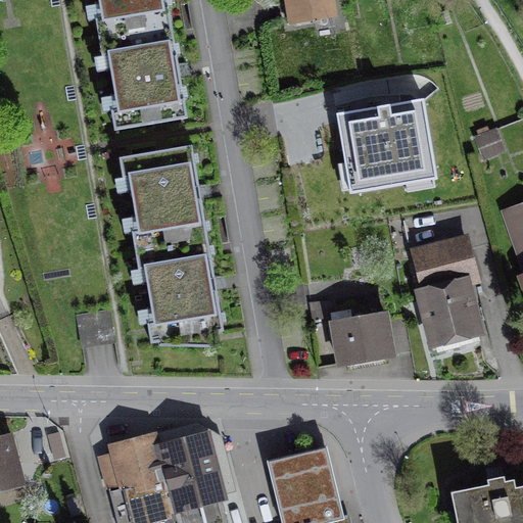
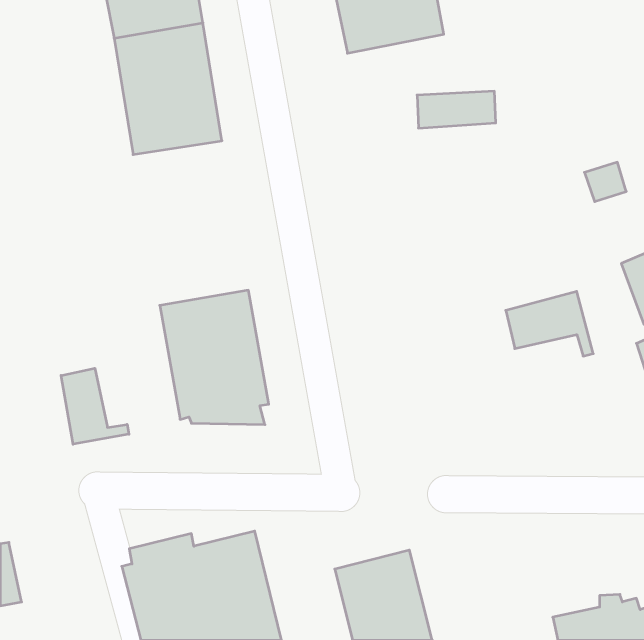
building: [343,99,436,186] -> none
building: [115,142,203,246] -> none
building: [413,270,486,358] -> none
building: none -> [61,368,129,444]
building: [329,316,391,367] -> none

